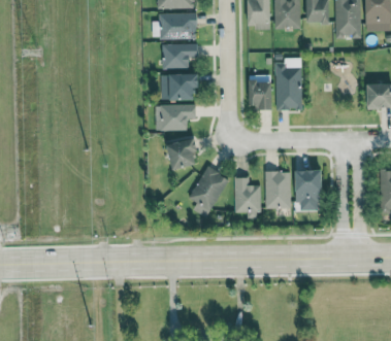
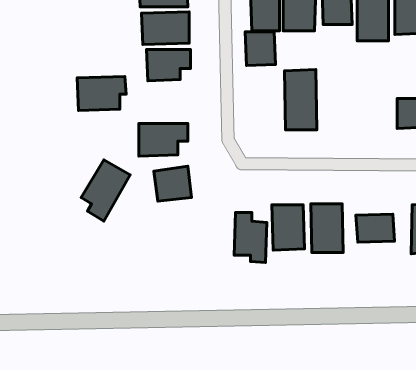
building: [160,73,200,101] -> [77,77,126,110]
building: [249,80,273,108] -> [245,32,275,66]
building: [188,166,228,216] -> [81,160,130,221]
building: none -> [356,214,395,242]

